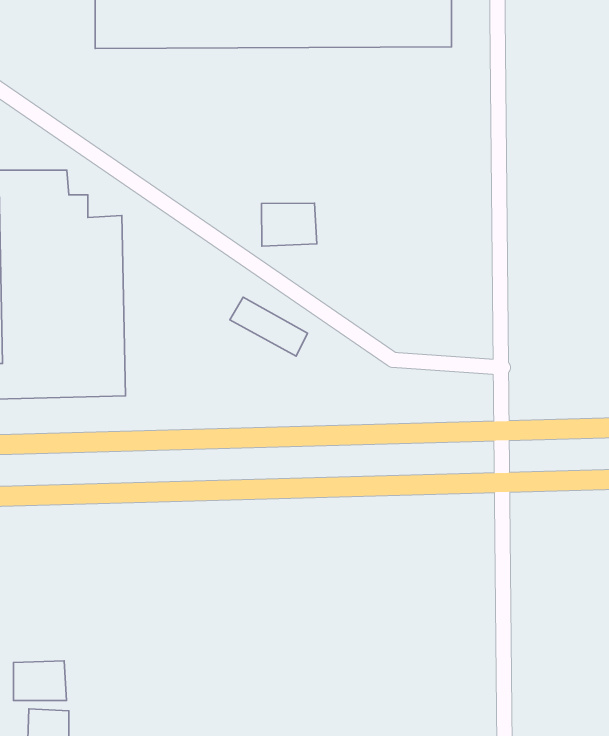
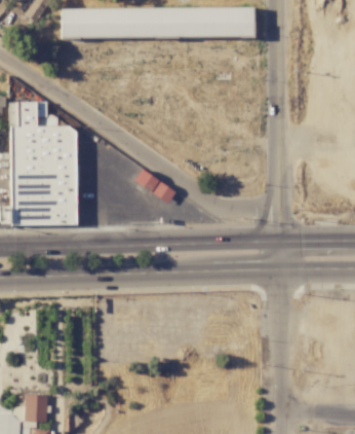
building: [262,203,317,246] -> none
building: [14,661,66,701] -> none

